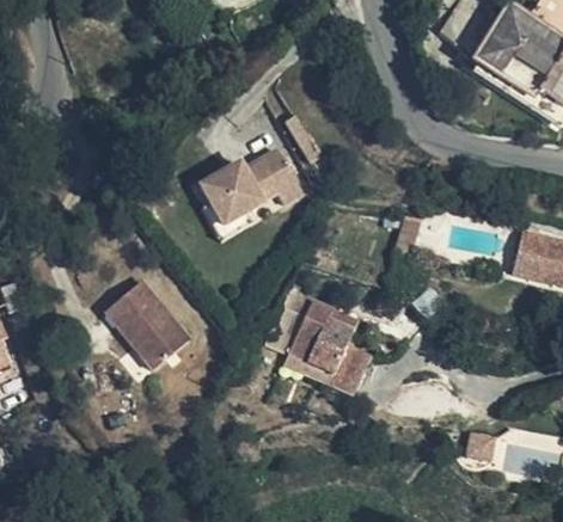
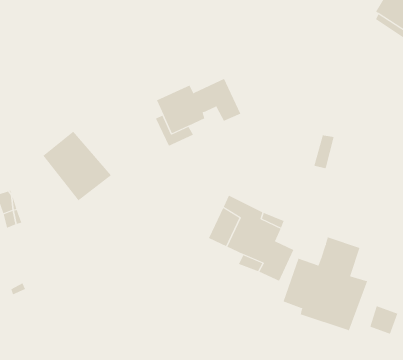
building: [105,281,191,368] -> [42,131,112,201]
building: none -> [283,237,368,331]

